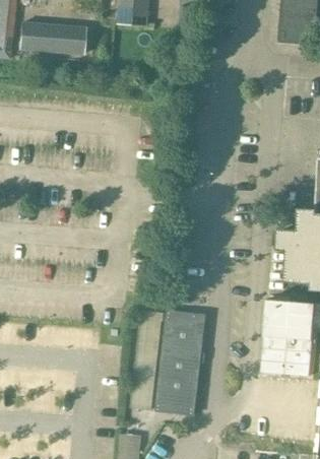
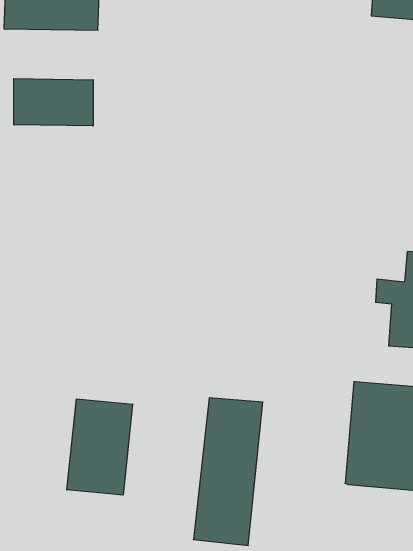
building: none -> [14,79,93,126]
building: none -> [67,399,133,495]

